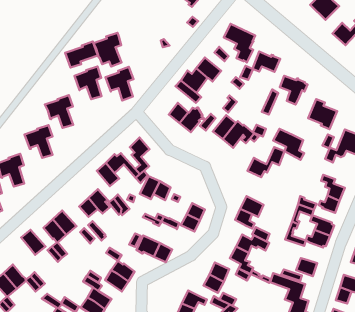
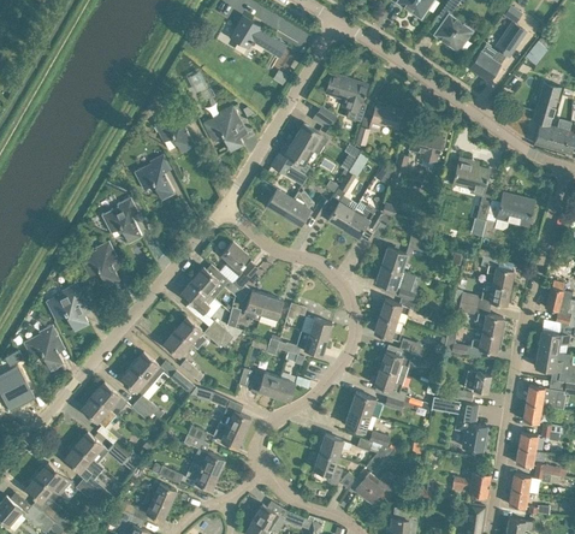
building: [65,41,98,68] -> none
building: [106,67,133,100] -> [203,106,243,152]
building: [273,129,304,160] -> [375,266,419,303]
building: none -> [82,396,115,428]

